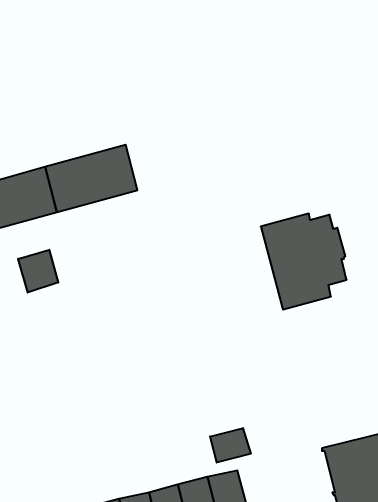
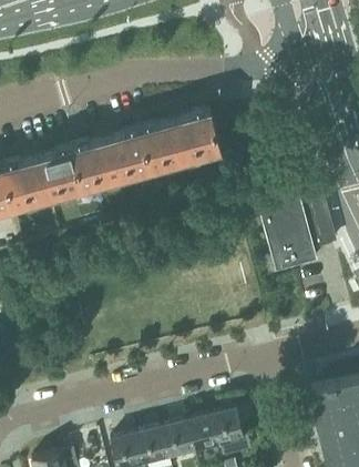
building: none -> [142,114,220,172]
building: [18,250,58,293] -> none
building: [210,428,251,463] -> none

